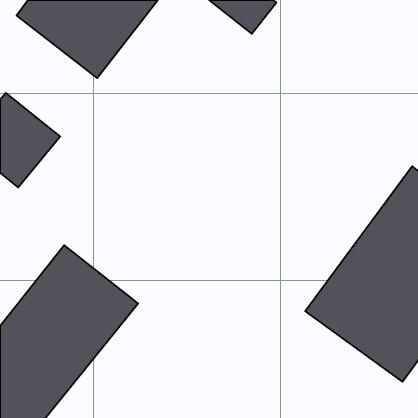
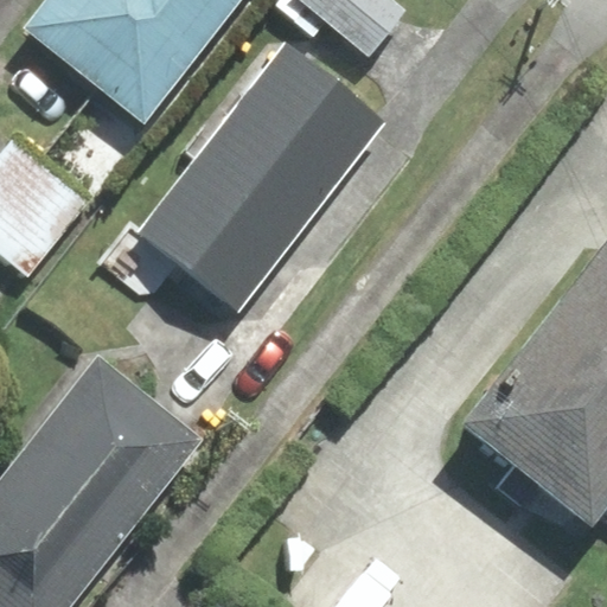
building: none -> [140,49,381,307]

